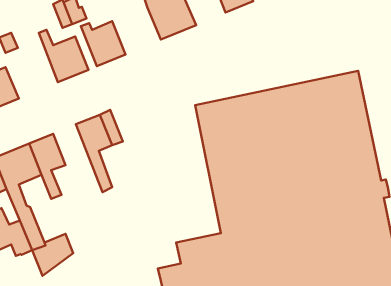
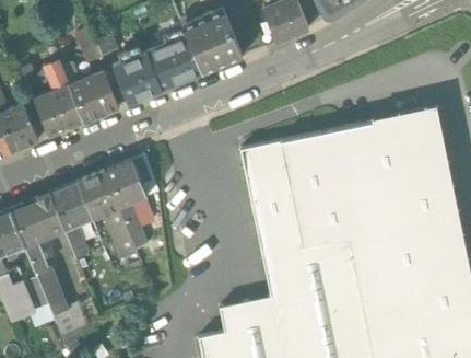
building: none -> [146,37,202,91]
building: none -> [34,59,84,137]
building: none -> [79,171,137,257]

